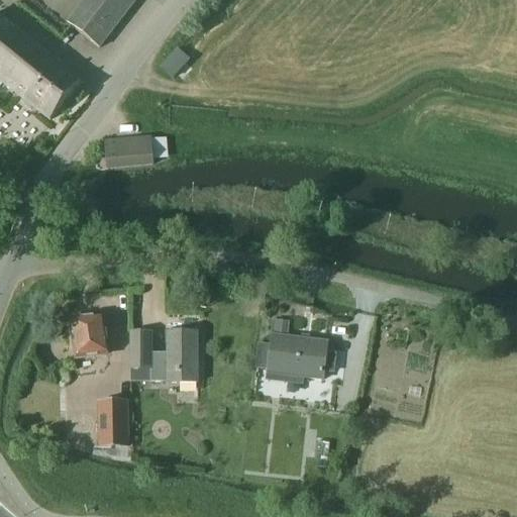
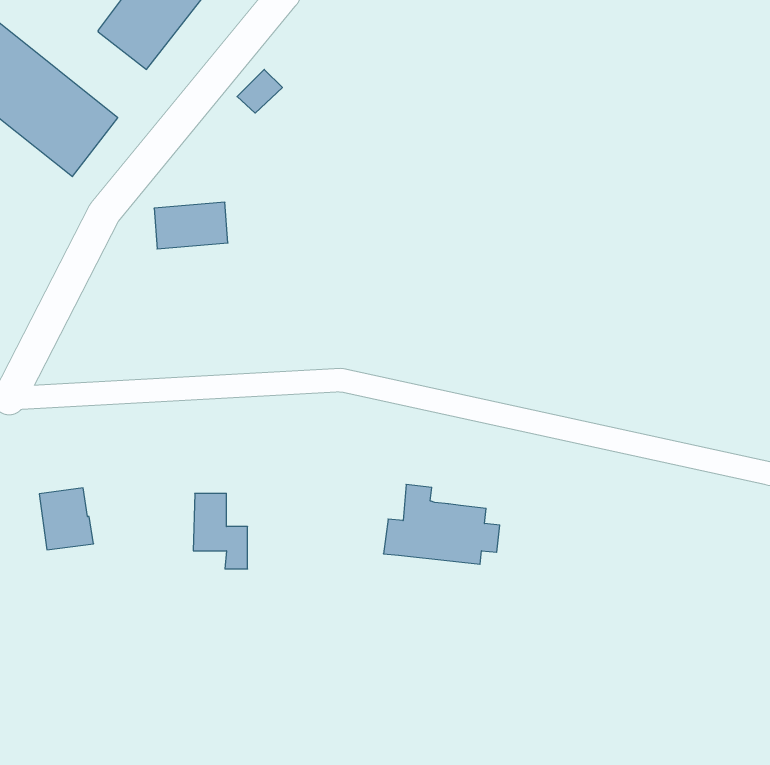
building: [71,314,107,355] -> [39,488,94,550]
building: [166,330,197,381] -> none
building: [97,400,129,446] -> none

